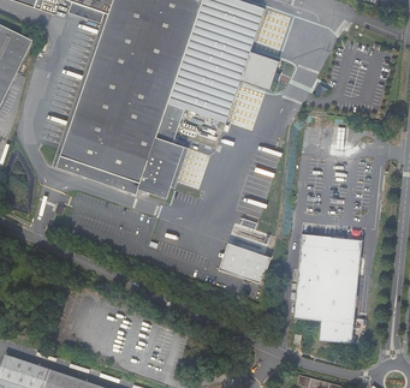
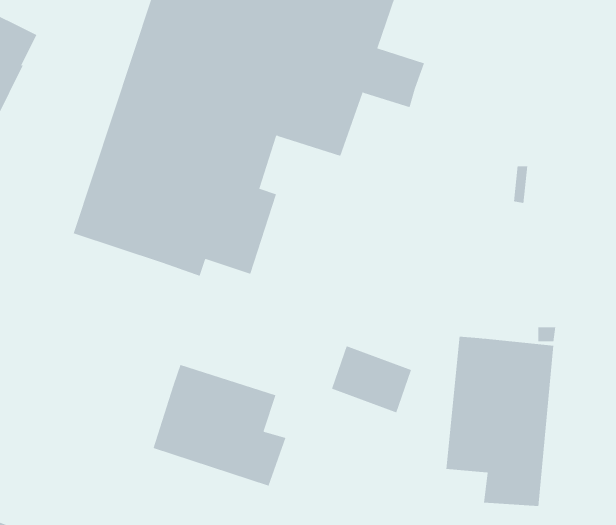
building: none -> [153,364,286,486]

